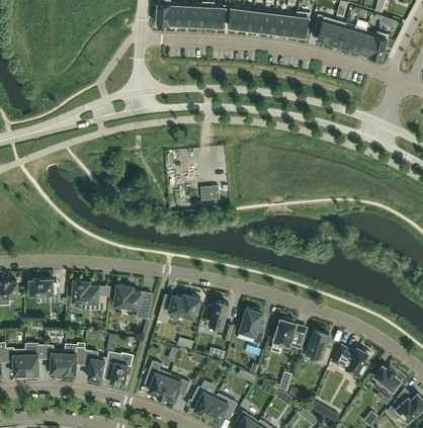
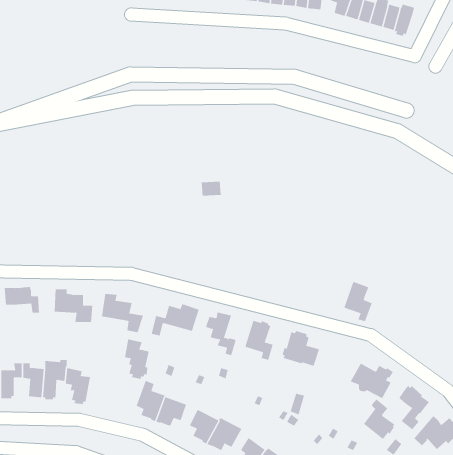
building: [306,330,331,365] -> [344,281,373,322]
building: [105,352,128,388] -> [124,339,149,379]
building: none -> [363,399,395,440]

